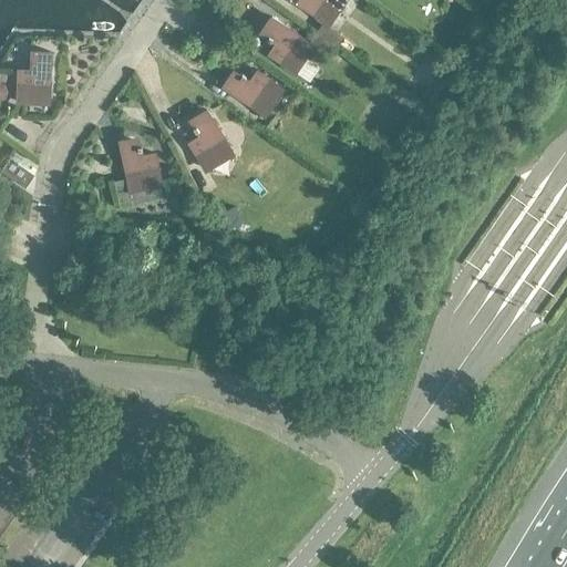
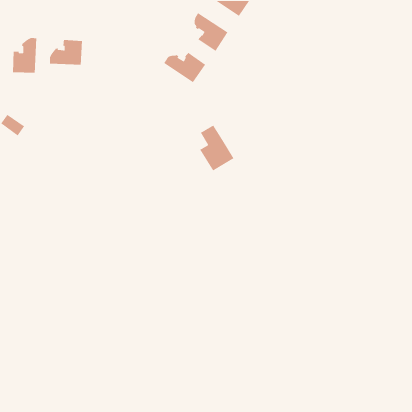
building: none -> [49,39,83,66]
building: [185,109,234,173] -> [199,125,235,171]
building: [120,141,161,190] -> none

